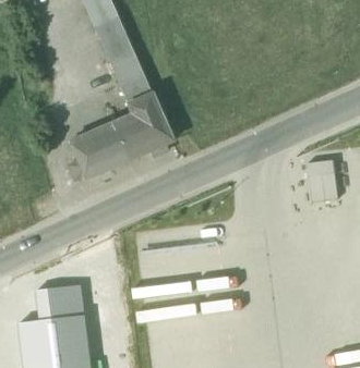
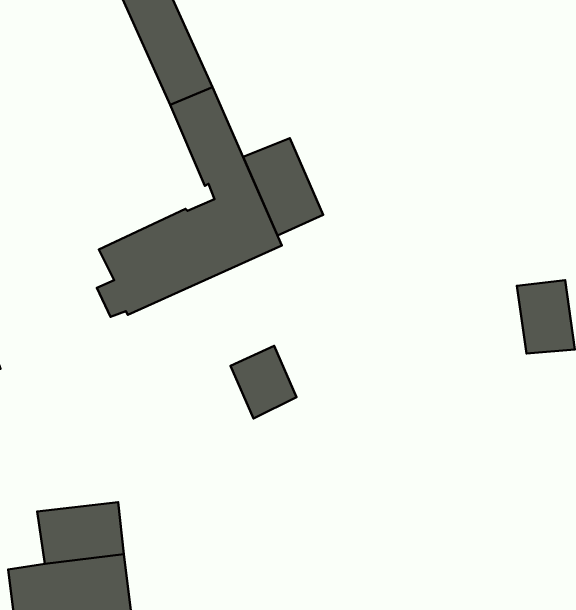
building: none -> [243,138,323,235]
building: none -> [230,346,297,419]

